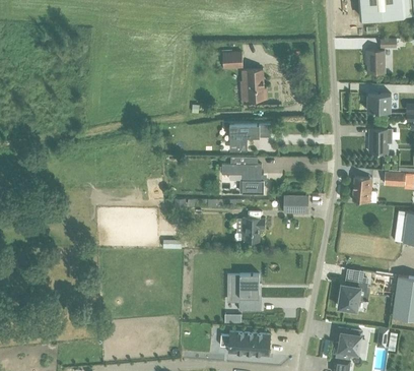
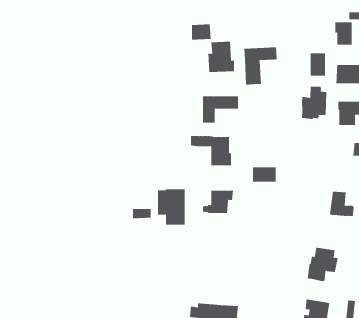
building: none -> [244,46,277,85]
building: none -> [310,52,325,76]
building: none -> [302,86,327,120]
building: [351,177,376,202] -> [329,191,355,216]
building: [230,273,259,310] -> [157,189,186,225]

